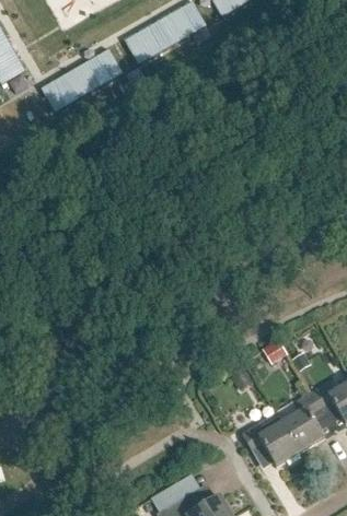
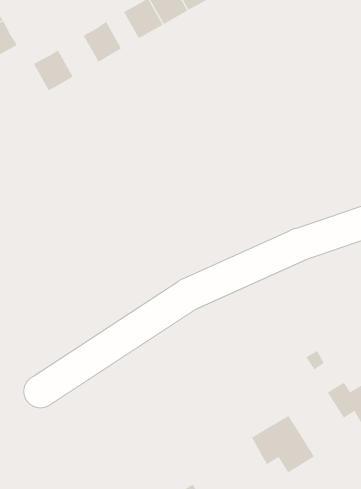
building: [63,62,101,101] -> none
building: [282,392,327,452] -> none

